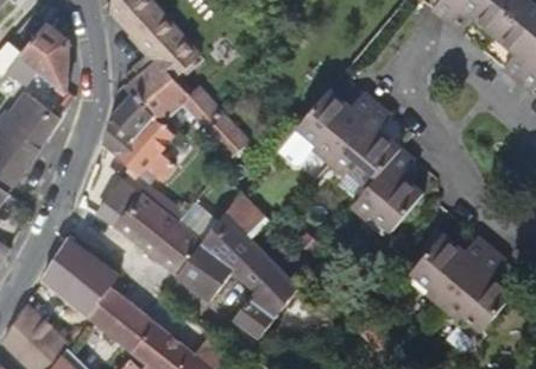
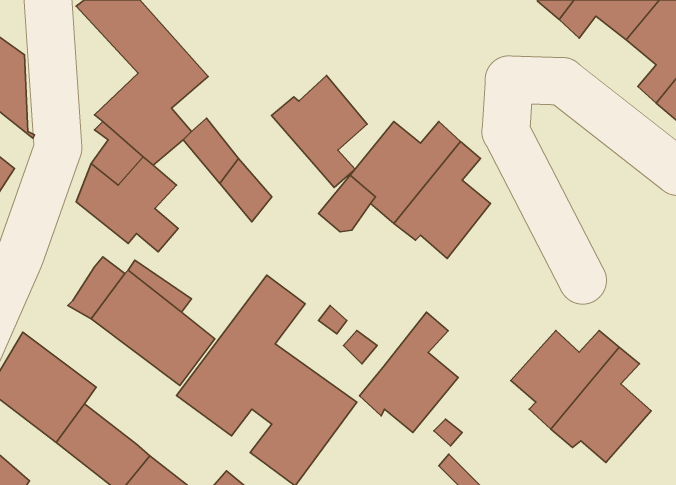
building: none -> [271,75,367,188]
building: [351,145,421,231] -> [360,312,458,433]

